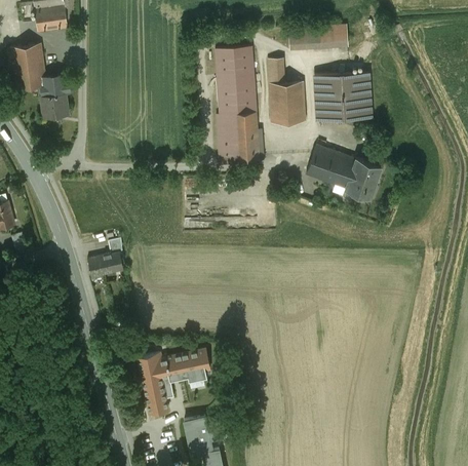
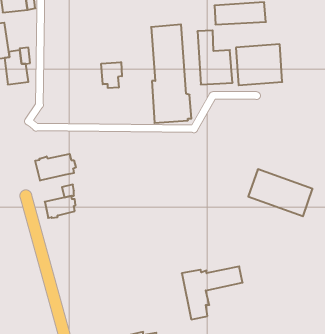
building: none -> [101,62,122,88]
building: [307,141,384,197] -> [248,169,313,216]
building: none -> [35,154,76,181]
building: [135,351,208,415] -> [182,266,243,319]

